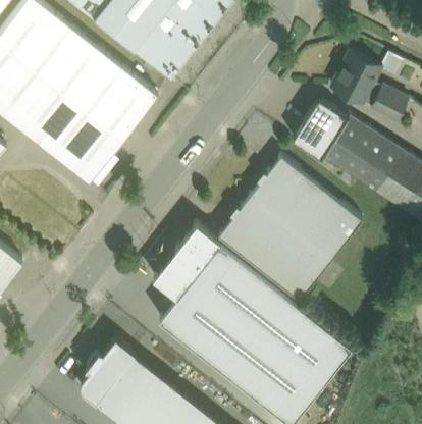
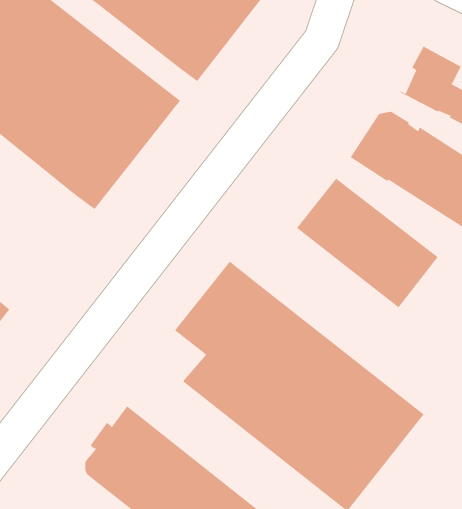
building: [217,198,330,302] -> none

